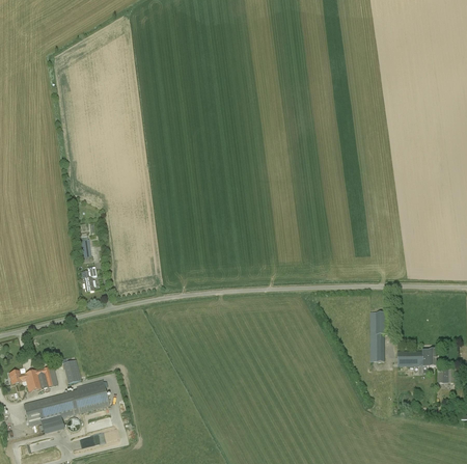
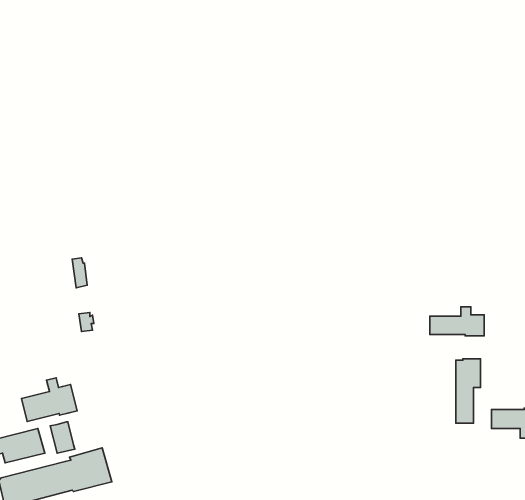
building: none -> [430,307,484,336]
building: none -> [21,378,77,422]

